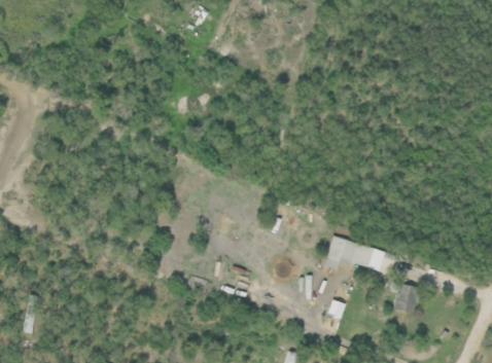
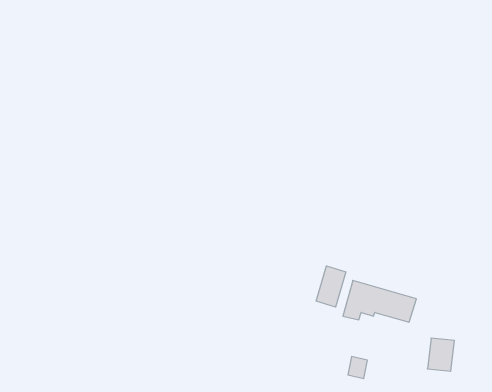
building: none -> [316,266,346,307]

